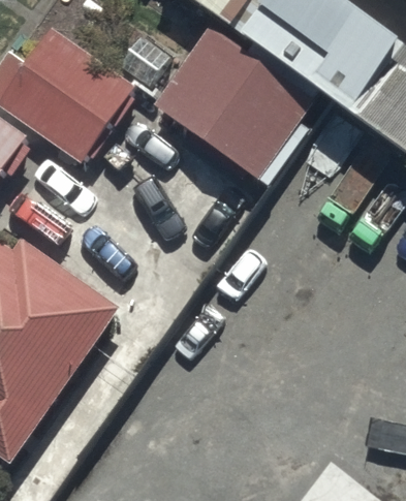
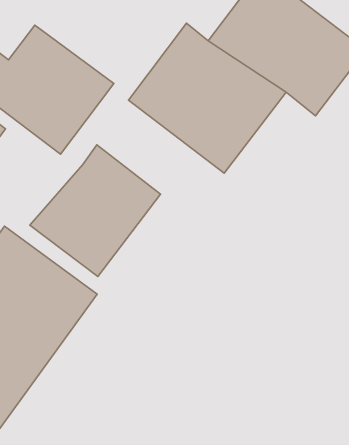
building: none -> [30,145,161,276]

